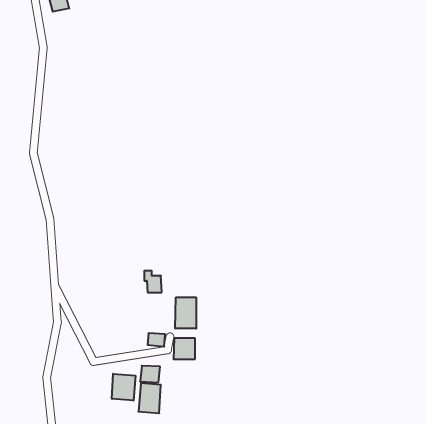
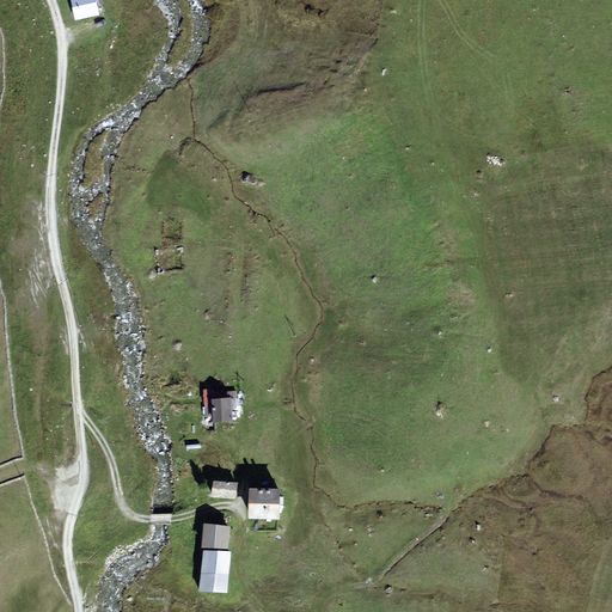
building: [175,297,196,329] -> none
building: [112,374,135,401] -> none

